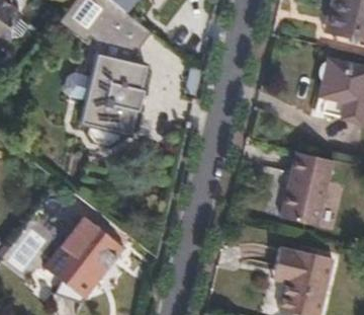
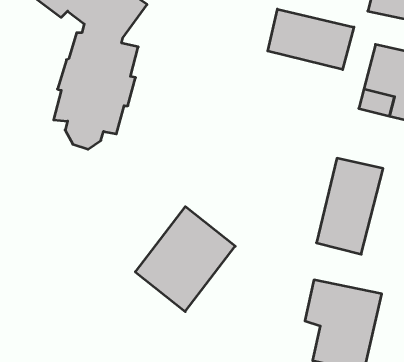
building: none -> [268,9,354,70]
building: [44,215,123,298] -> [135,207,235,312]

